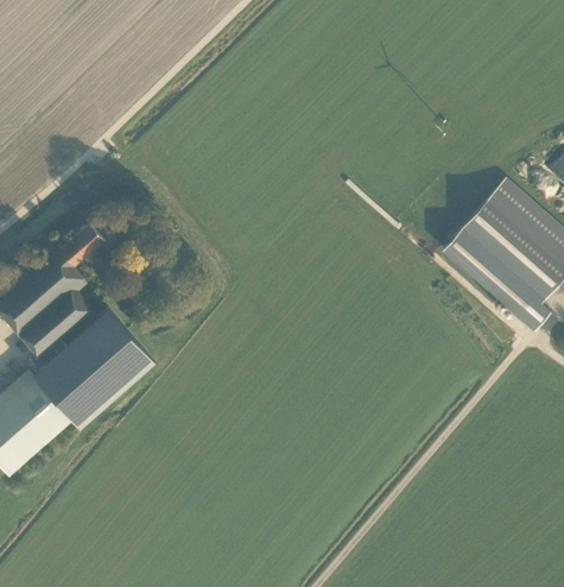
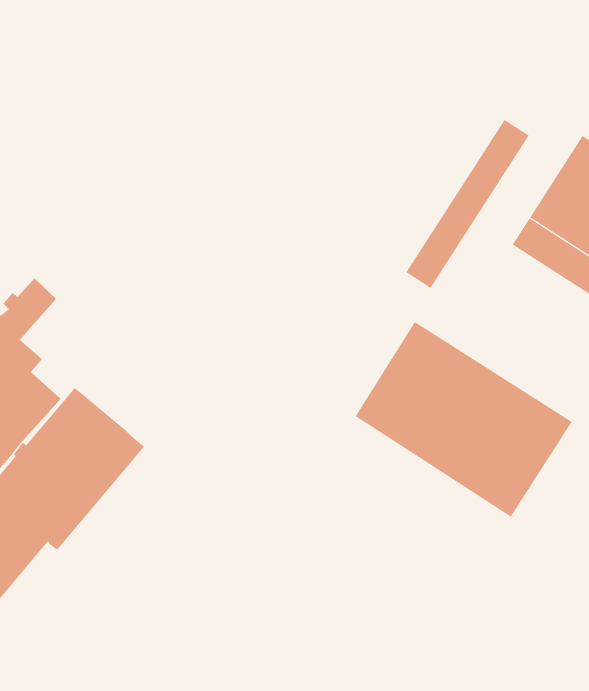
building: none -> [406,119,529,289]
building: none -> [355,321,573,517]

